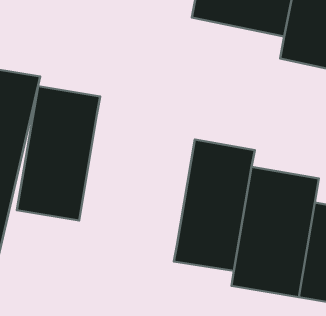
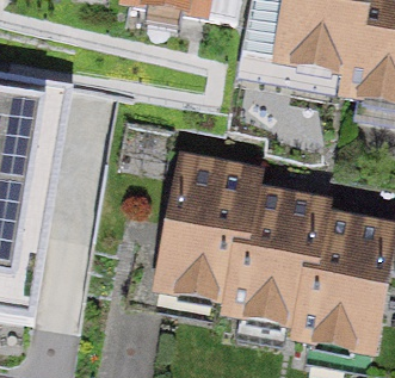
building: [17,86,100,221] -> [154,144,248,297]

